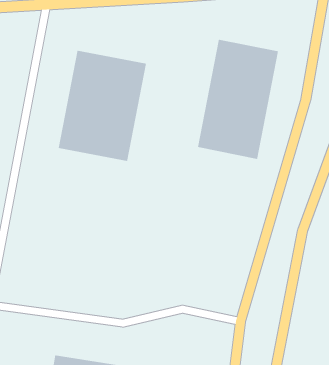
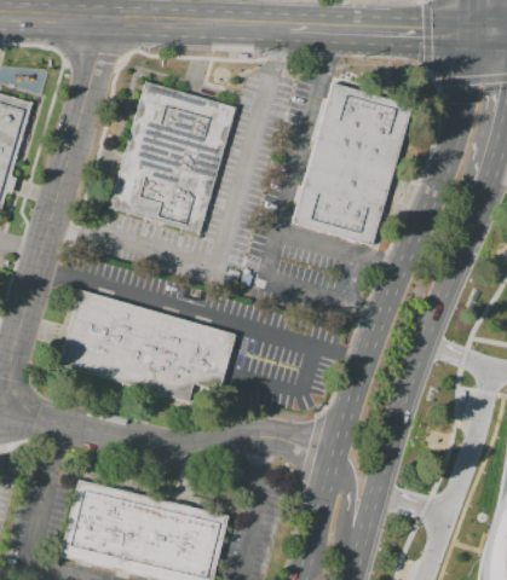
building: none -> [59,290,237,410]

